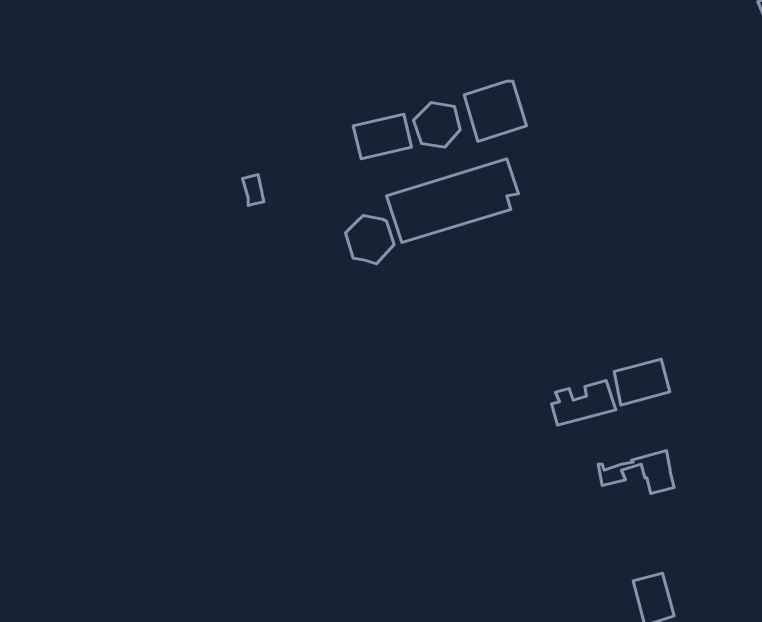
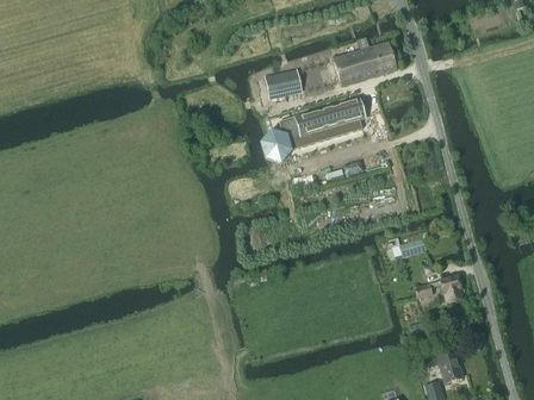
building: none -> [358,38,397,77]
building: [614,359,670,405] -> none

